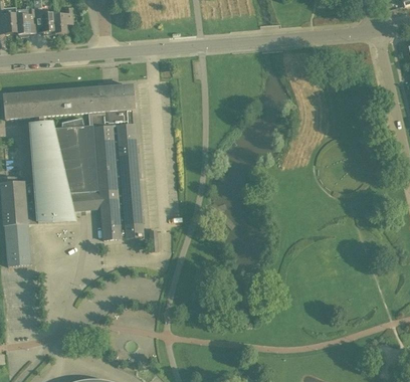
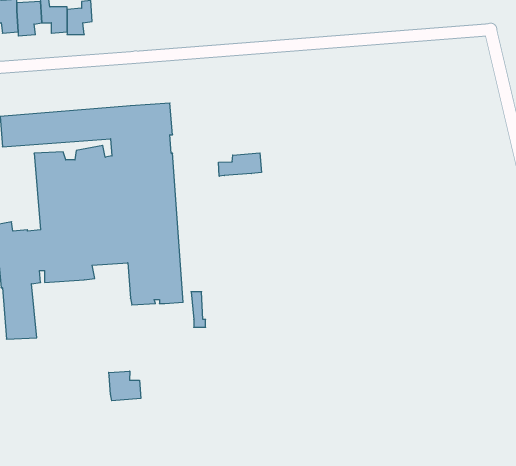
building: none -> [219,153,261,176]
building: none -> [109,371,141,401]

